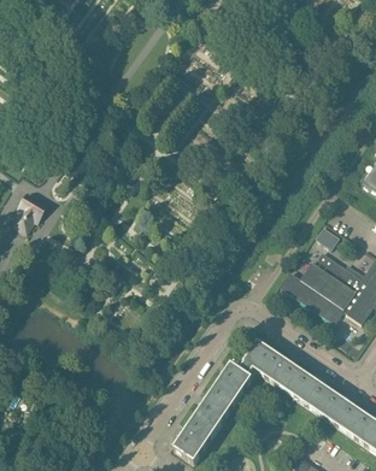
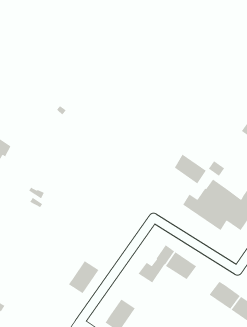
building: none -> [174,154,207,185]
building: [287,369,331,408] -> none
building: [196,379,240,426] -> [68,260,99,294]

